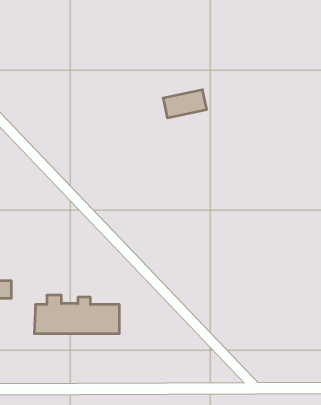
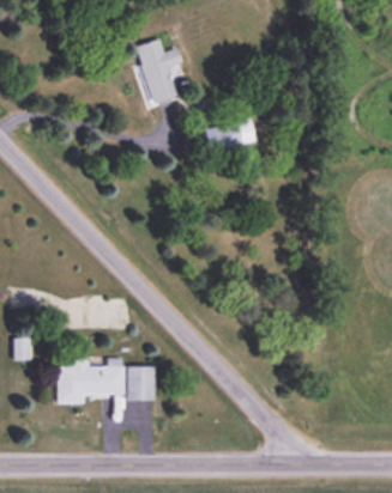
building: none -> [137,39,182,103]

